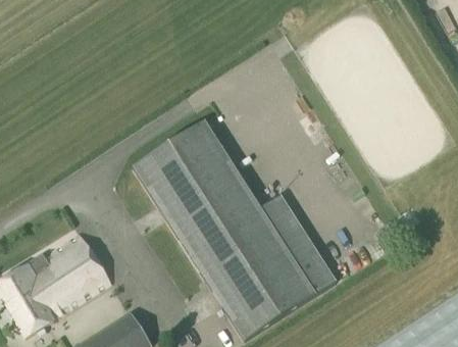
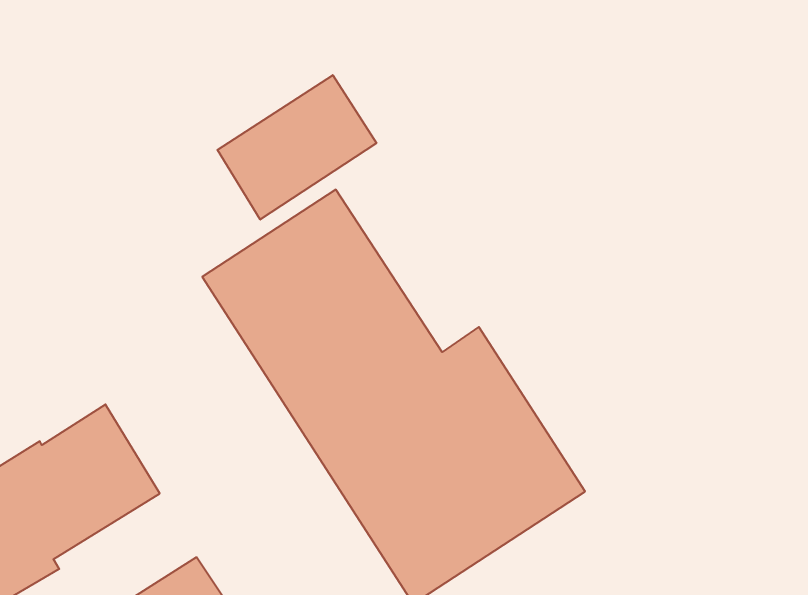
building: none -> [217,75,376,220]

